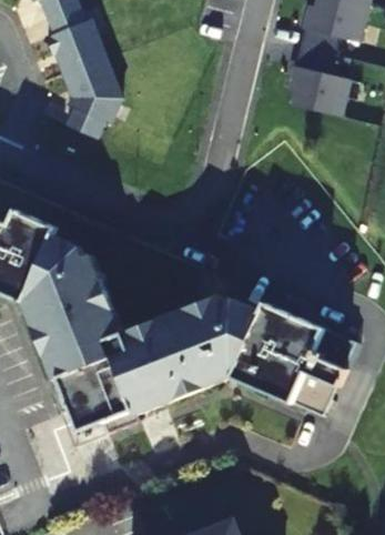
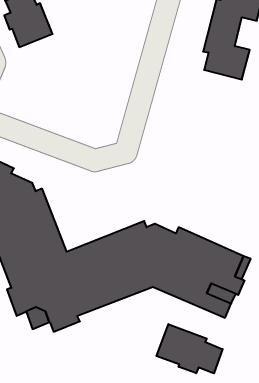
building: [61,58,118,139] -> none
building: none -> [156,324,223,373]

